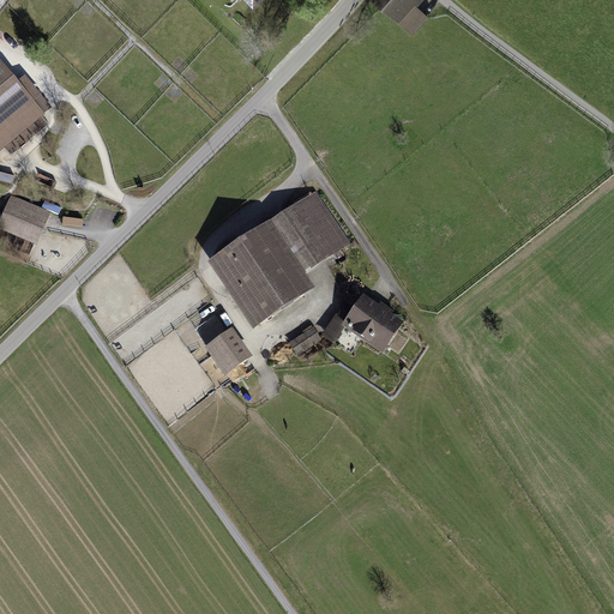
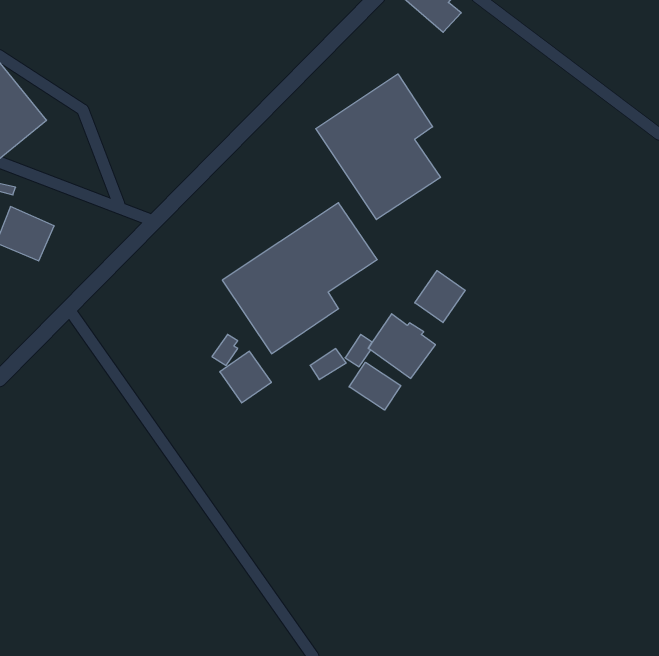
building: none -> [316,74,440,220]
building: none -> [415,271,465,323]
building: none -> [349,362,401,410]

